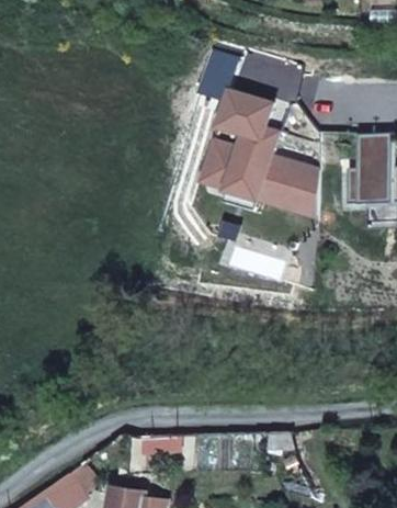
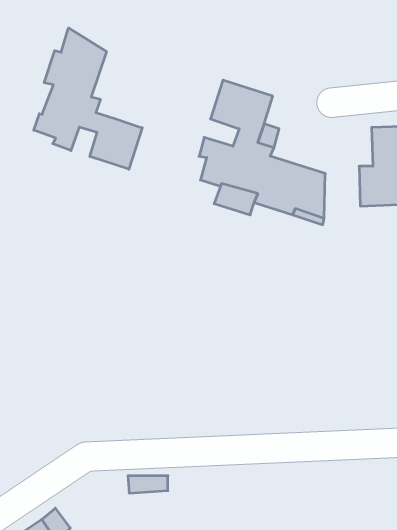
building: none -> [34,28,142,169]

